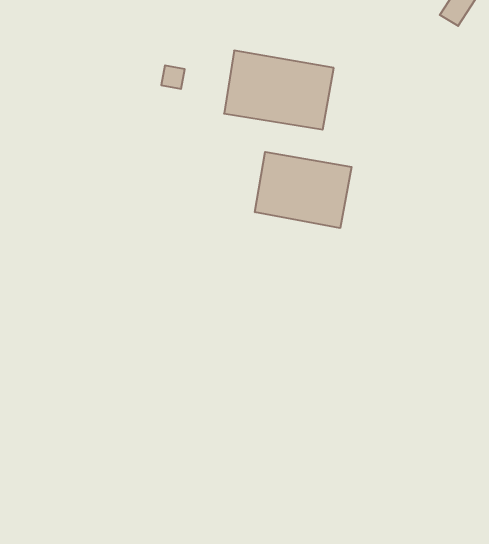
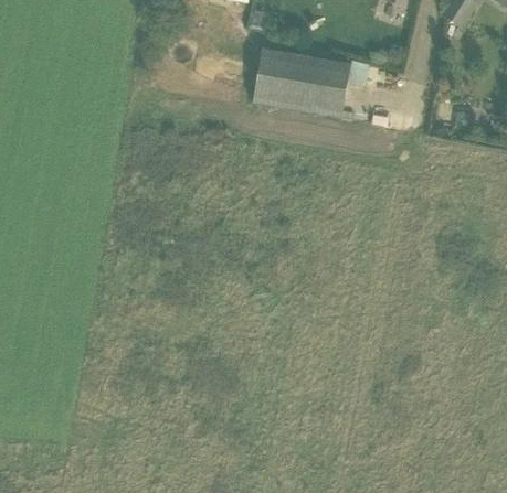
building: [255,152,352,228] -> none

